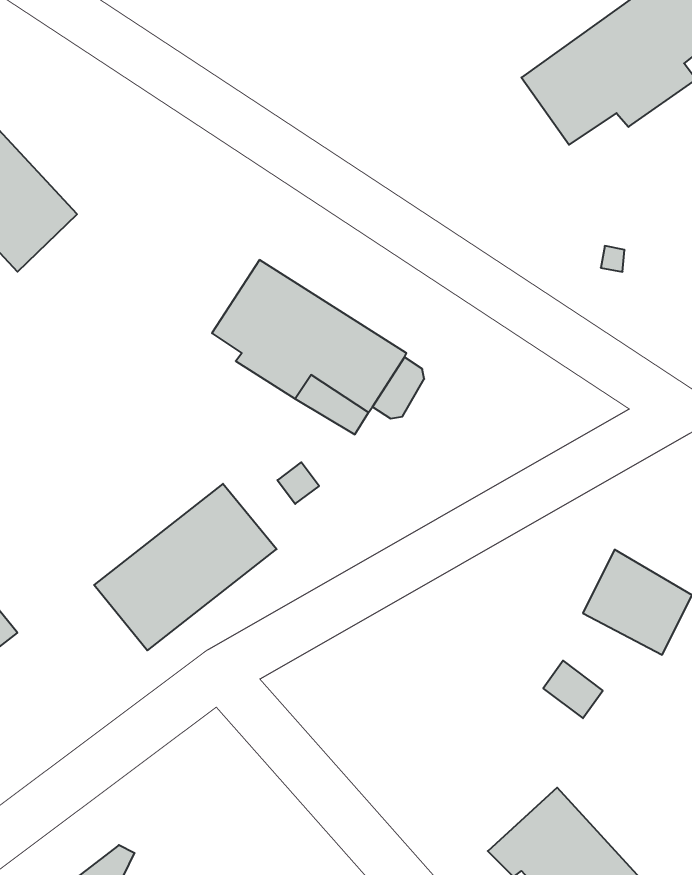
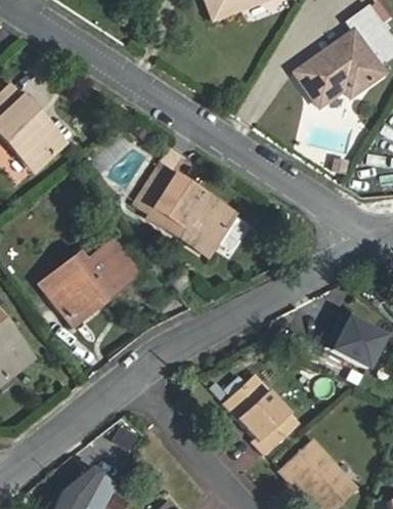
building: [94,484,277,650] -> [45,240,139,326]
building: none -> [222,375,299,456]

